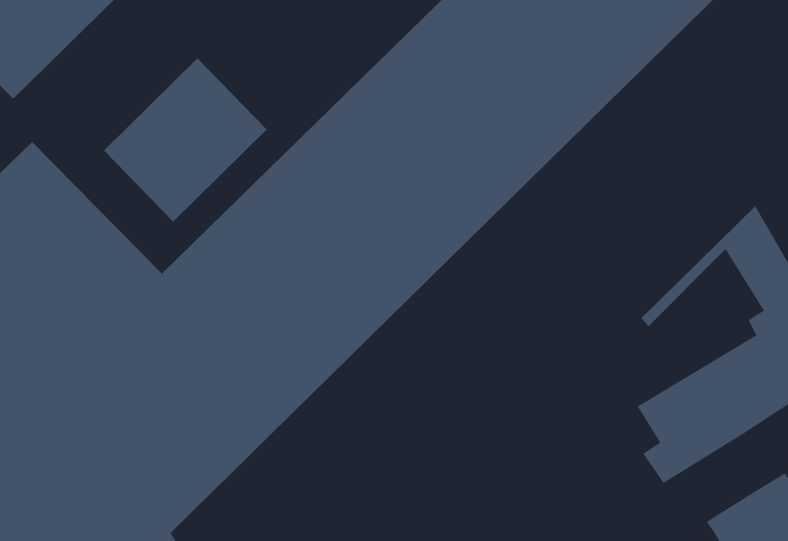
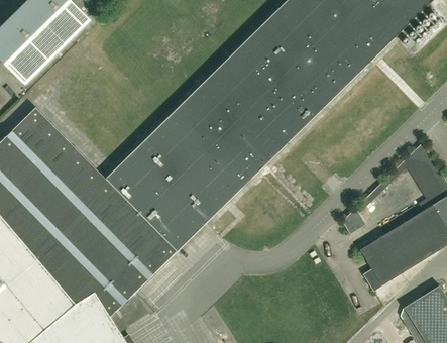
building: [103,58,267,222] -> none

